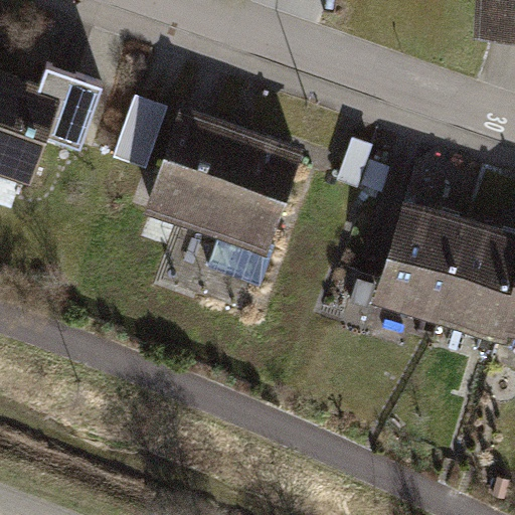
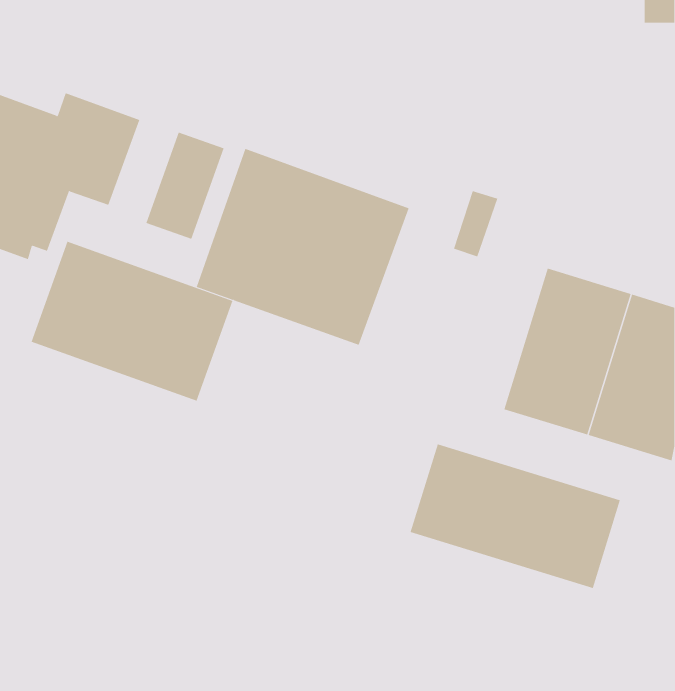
building: none -> [31,241,233,402]
building: none -> [410,444,621,589]

